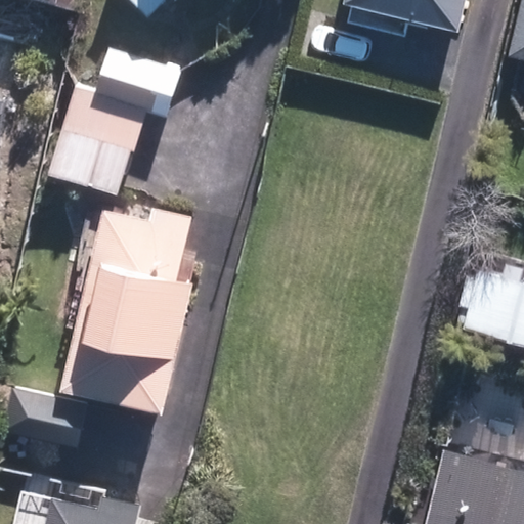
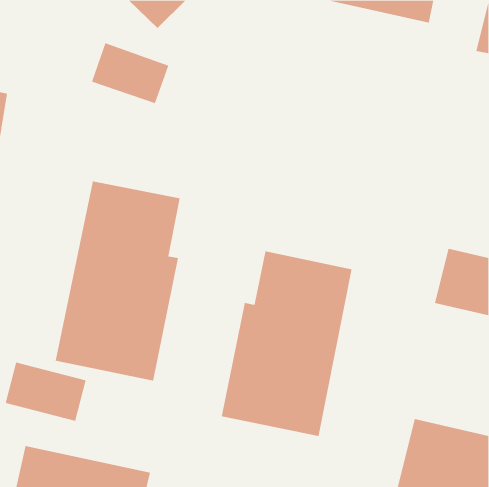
building: [47,87,147,196] -> none
building: none -> [221,250,352,437]

